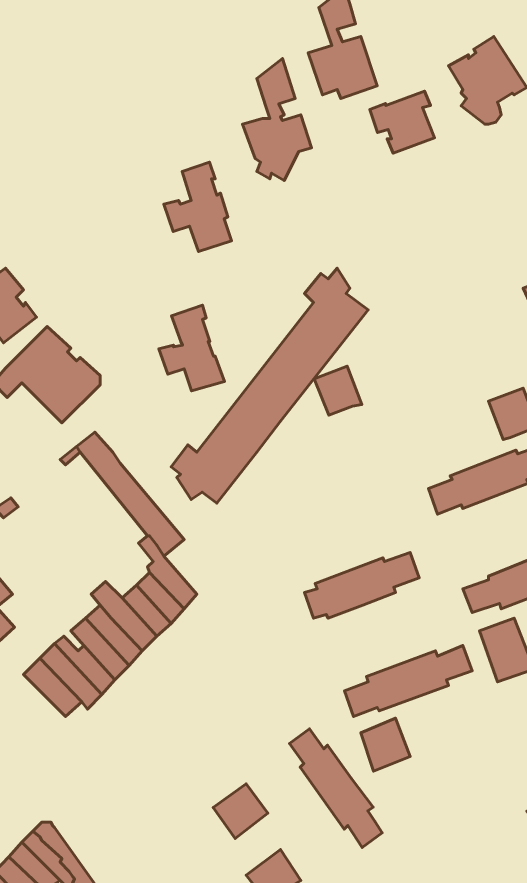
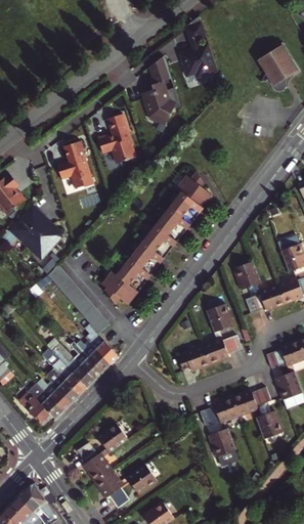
building: [370,91,434,153] -> none
building: [159,305,224,391] -> [56,140,93,188]
building: [314,366,362,415] -> [233,259,260,287]
building: none -> [205,302,232,331]
building: none -> [255,408,283,437]
building: none -> [95,422,126,452]
building: [289,729,382,847] -> [76,441,128,508]

